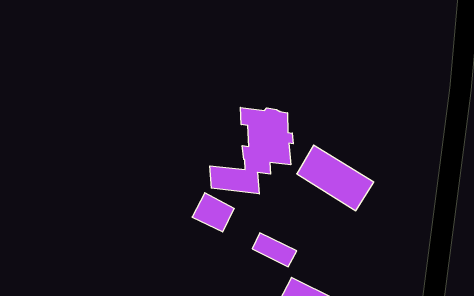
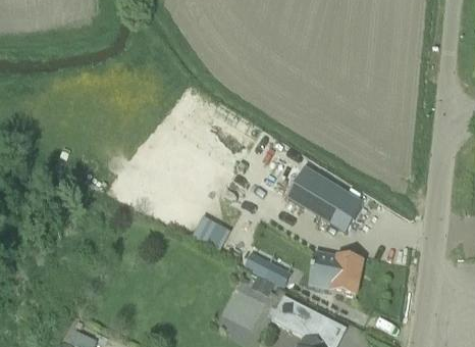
building: [210,107,293,194] -> none
building: none -> [310,251,362,295]

